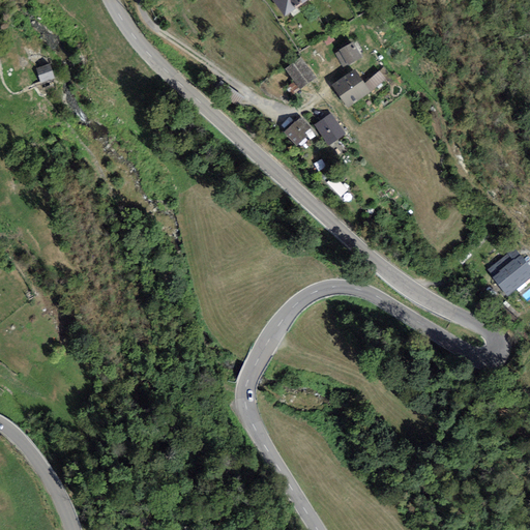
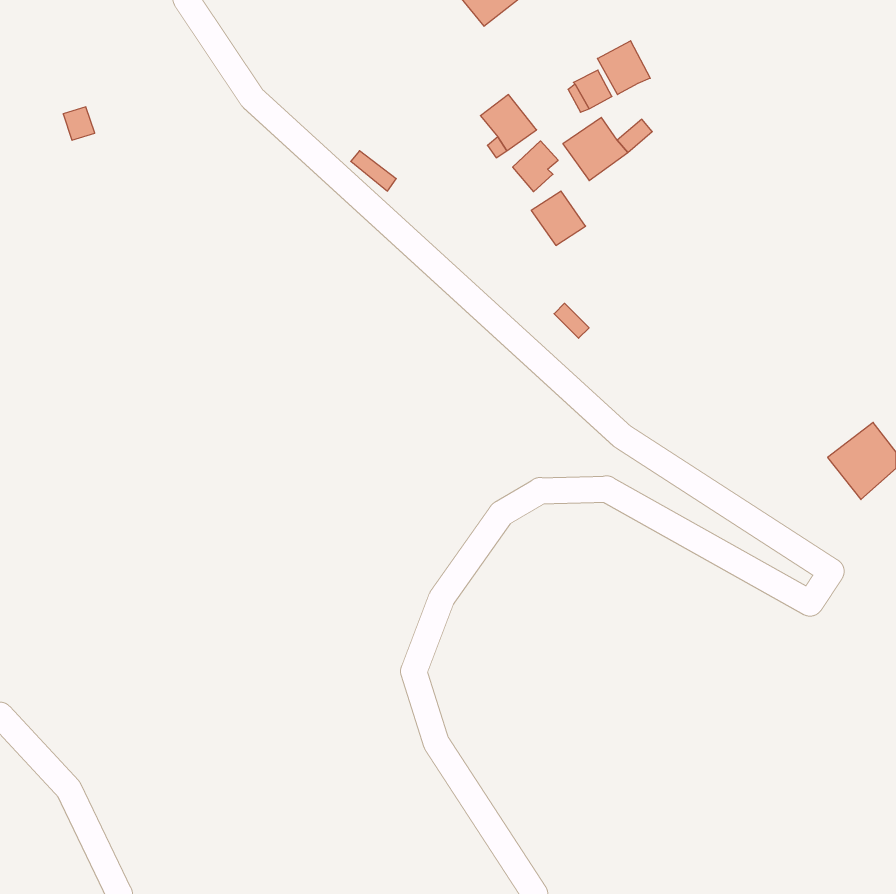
building: none -> [597,41,650,95]
building: [284,116,311,146] -> [513,141,558,192]

